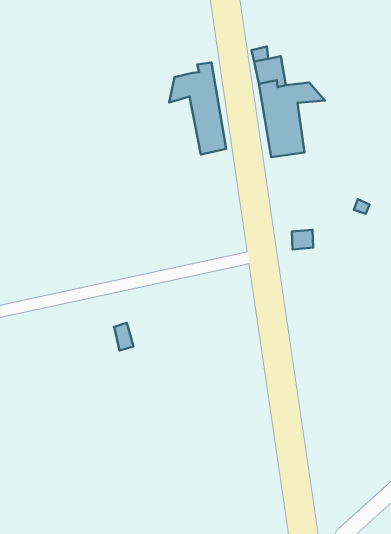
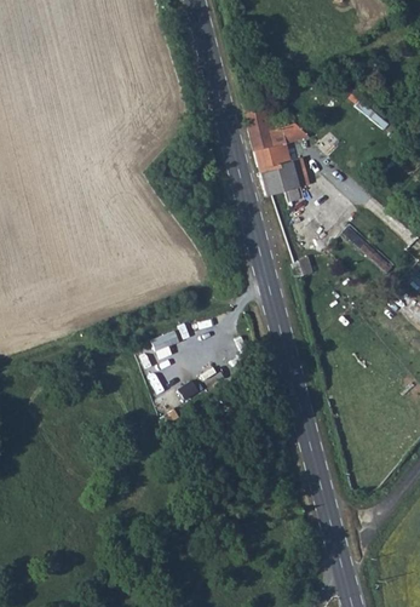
building: [169,62,226,154] -> none

